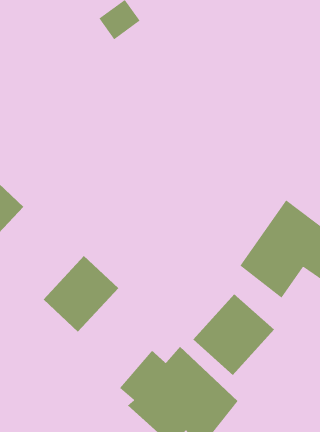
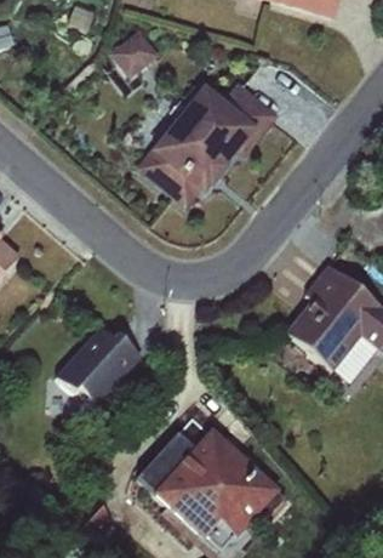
building: none -> [136,75,280,204]
building: [192,293,275,376] -> none

